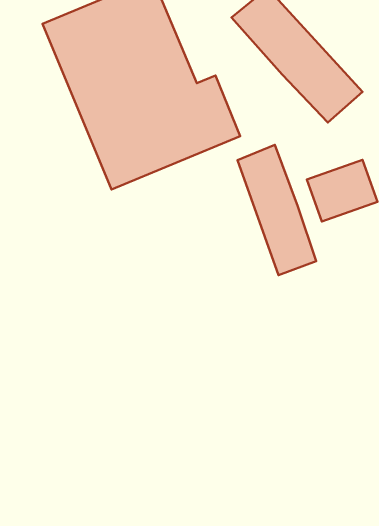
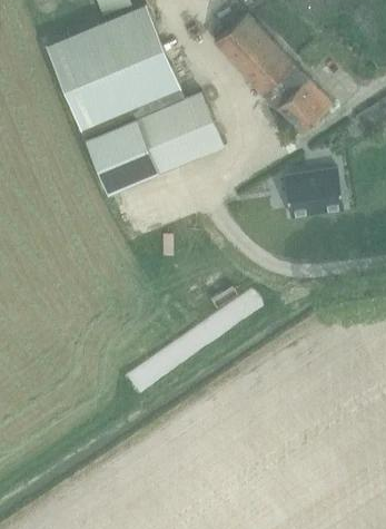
building: [238,145,316,275] -> none

